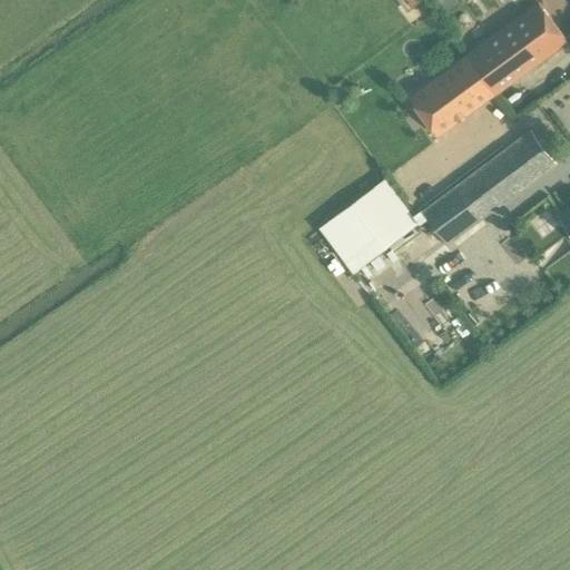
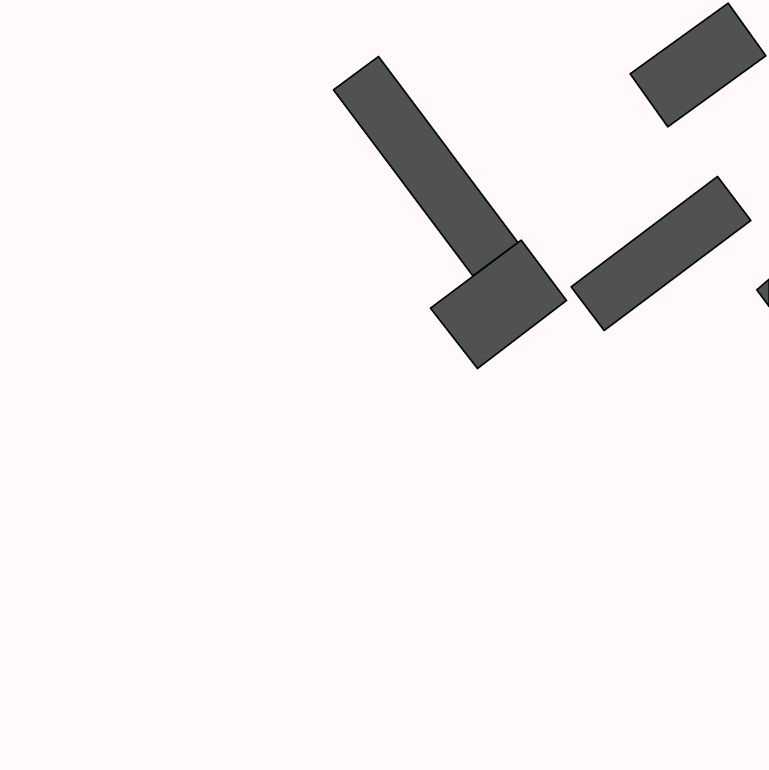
building: none -> [333,57,518,276]
building: [407,56,492,136] -> none

